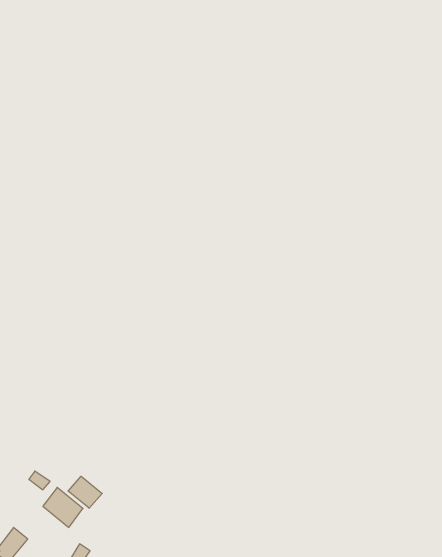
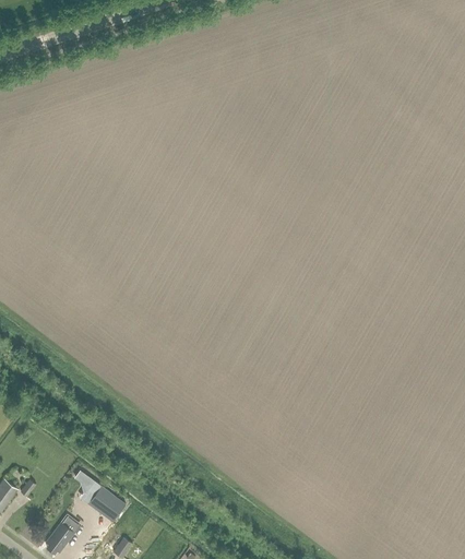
building: [68,476,102,508] -> none

